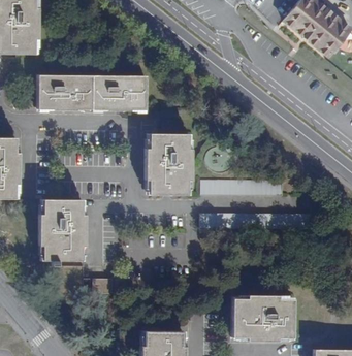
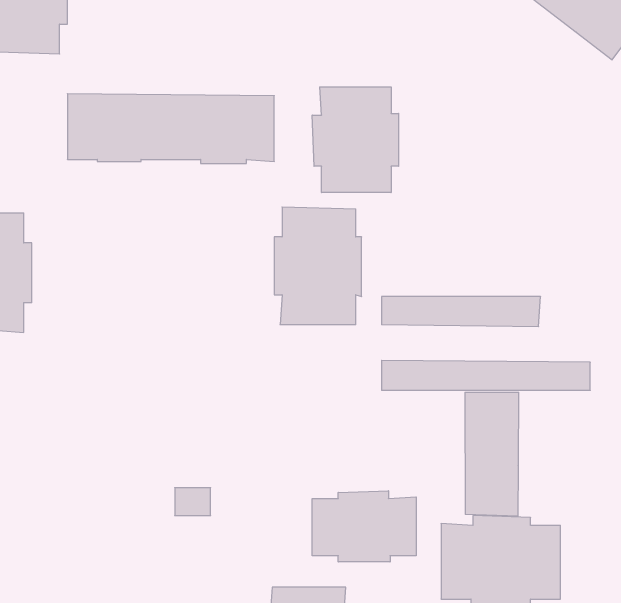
building: none -> [312,87,399,193]
building: [39,199,86,260] -> none
building: none -> [465,392,519,516]
building: none -> [312,491,416,562]

